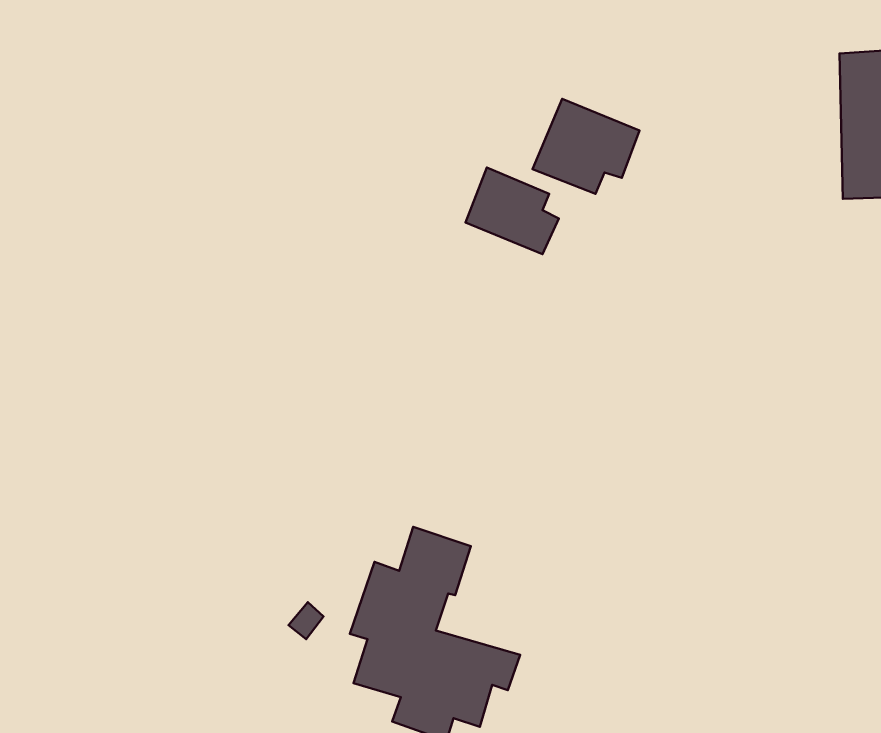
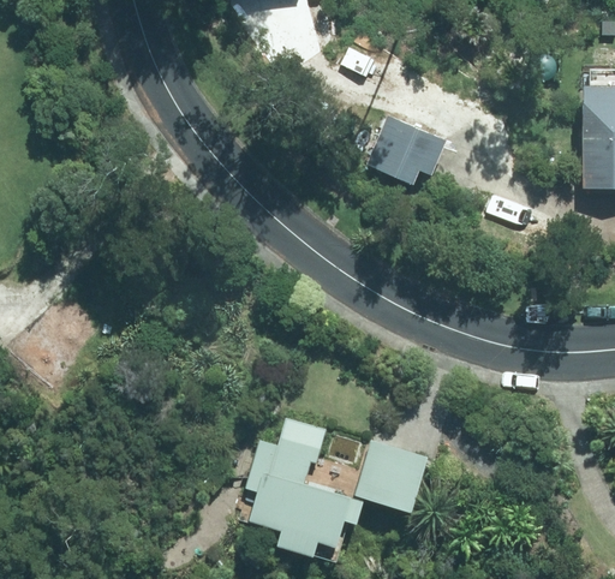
building: [465,167,559,254] -> none
building: none -> [356,438,428,513]

